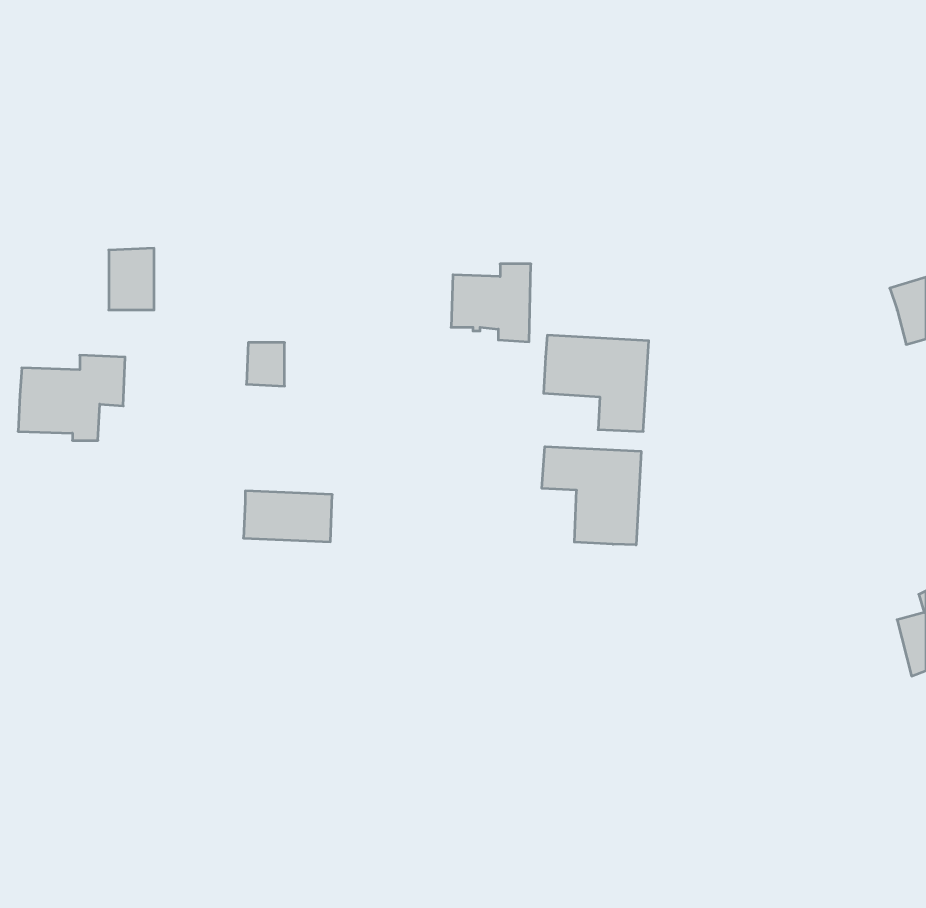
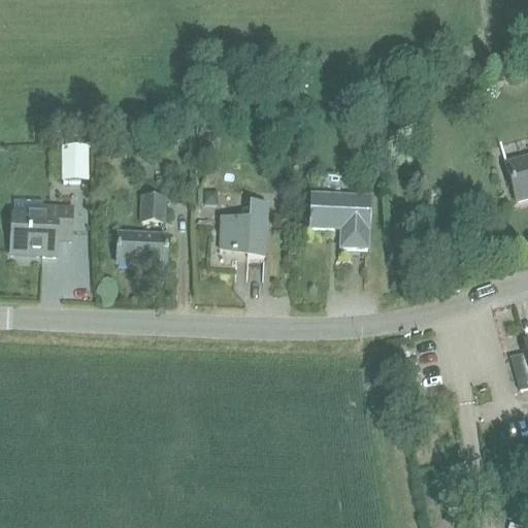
building: [451,264,531,342] -> [220,208,265,253]
building: [542,447,641,545] -> none
building: [243,491,332,542] -> [117,231,167,260]

